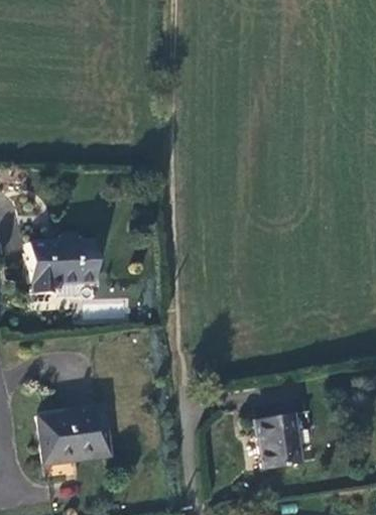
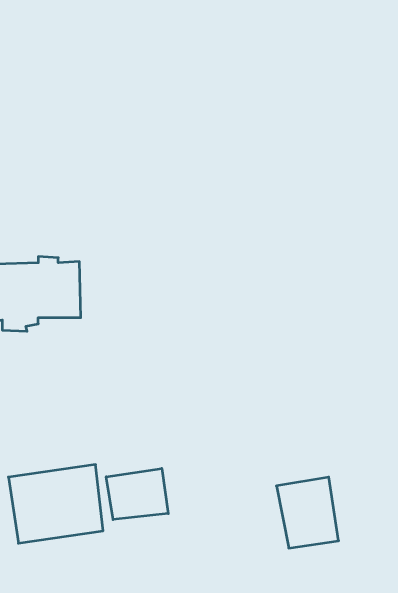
building: none -> [106,468,168,520]

